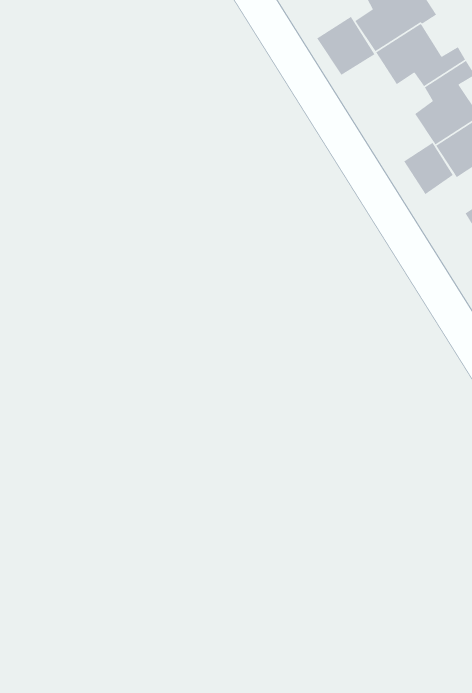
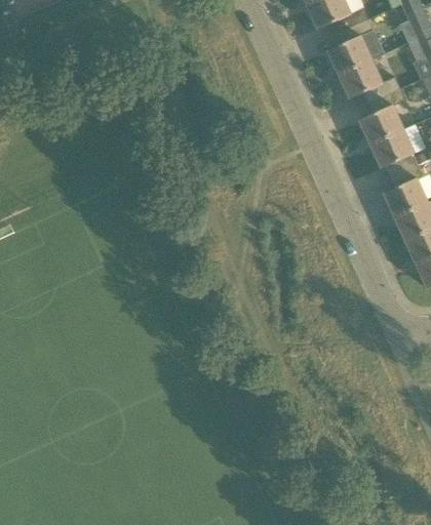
building: [316,16,376,76] -> none
building: [403,142,454,195] -> none

